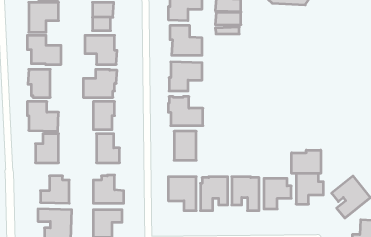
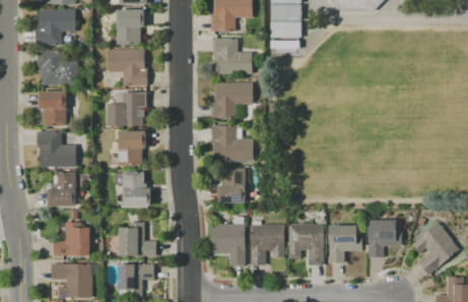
building: [292,150,321,173] -> none

